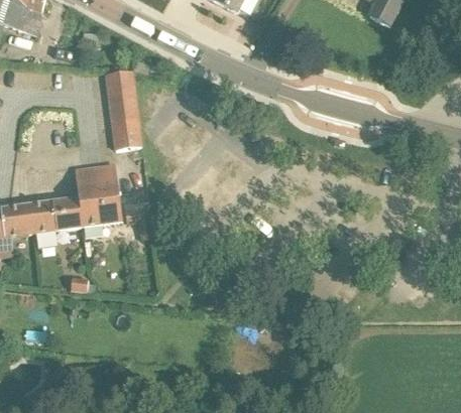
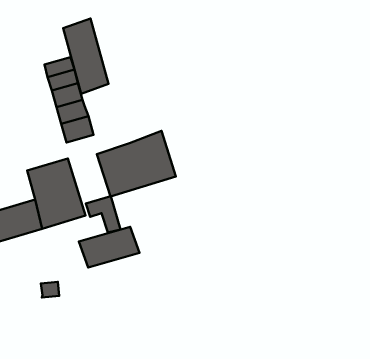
building: none -> [63,18,109,94]
building: none -> [97,131,176,196]
building: none -> [79,227,140,267]

